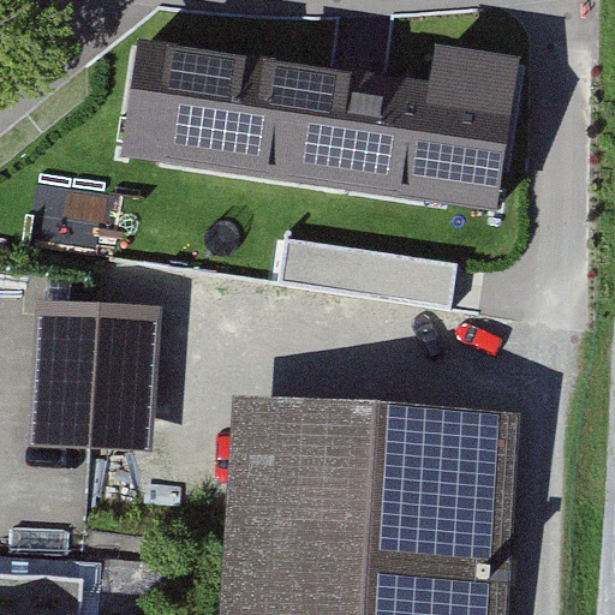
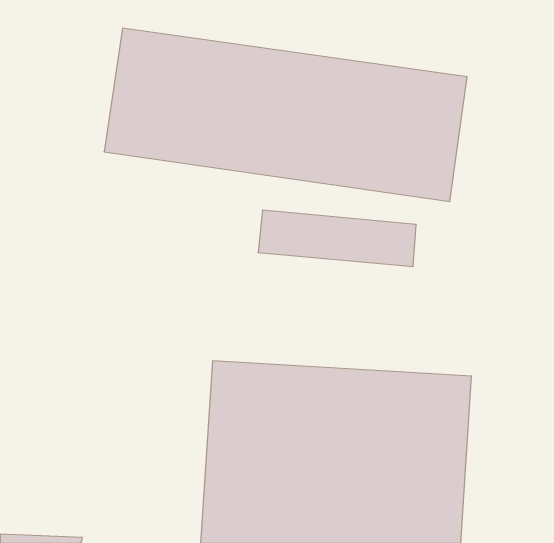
building: [29,299,161,452] -> none

